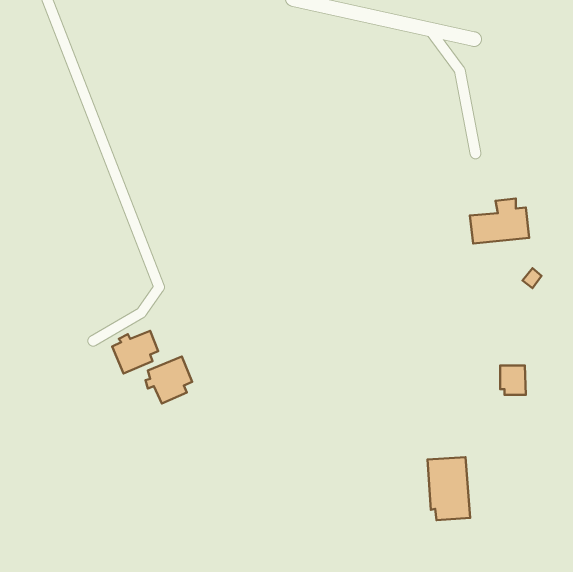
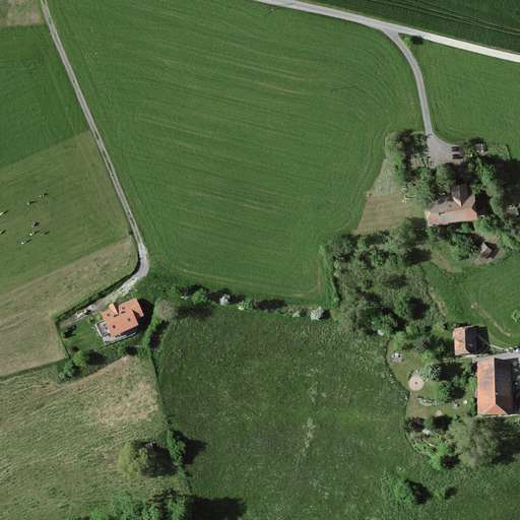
building: [145,356,192,403] -> none
building: [427,457,470,520] -> [475,362,514,418]

